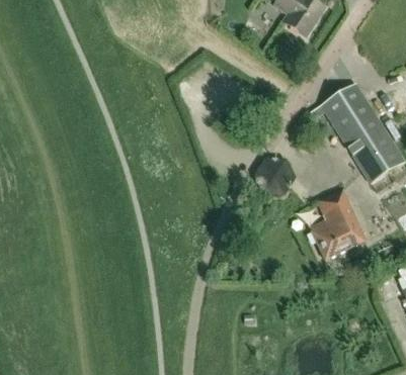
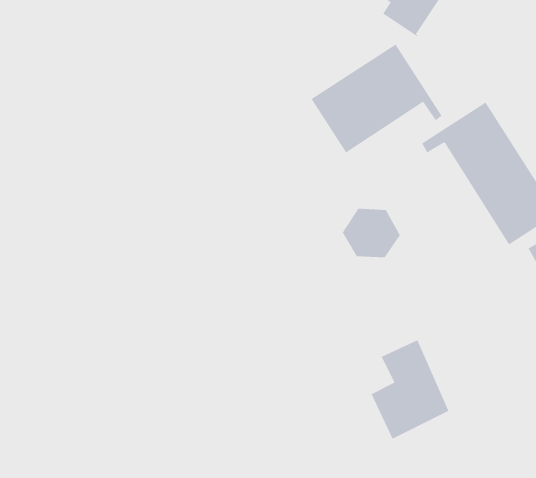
building: none -> [311,43,442,154]
building: [310,189,366,260] -> [370,339,450,440]

